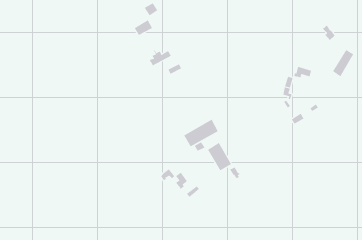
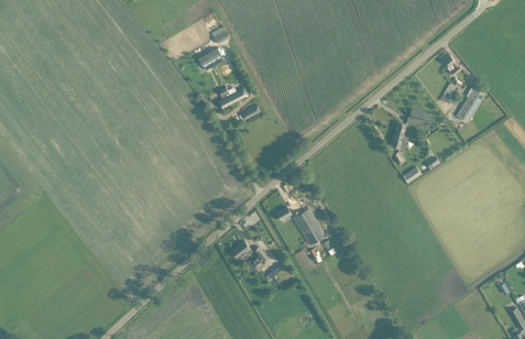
building: [183,119,218,147] -> none

